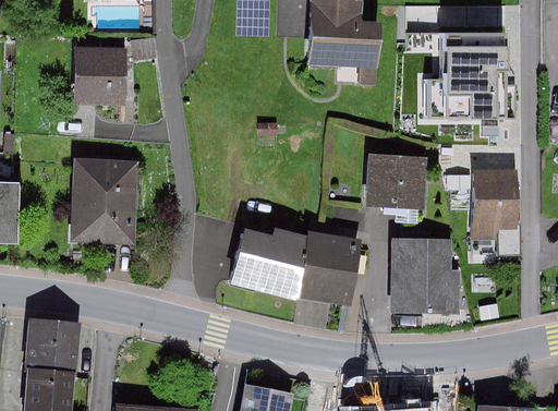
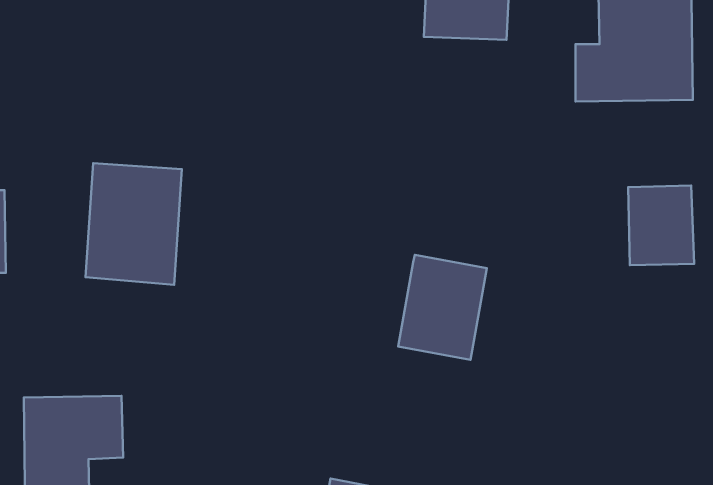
building: [78,49,128,97] -> none
building: [363,154,418,196] -> none
building: [229,225,305,293] -> none
building: [390,235,462,314] -> none

